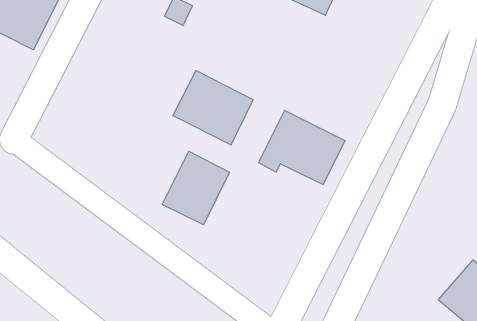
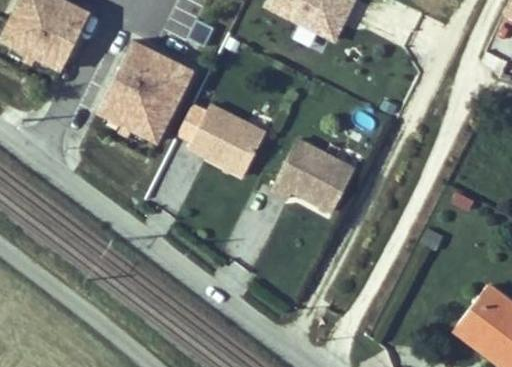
building: none -> [95,46,190,146]
building: [162,151,229,225] -> none

